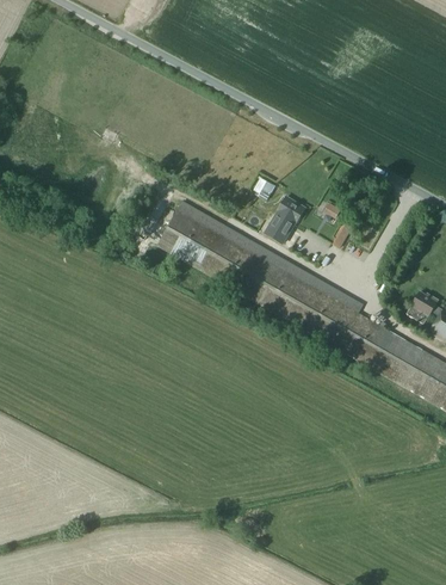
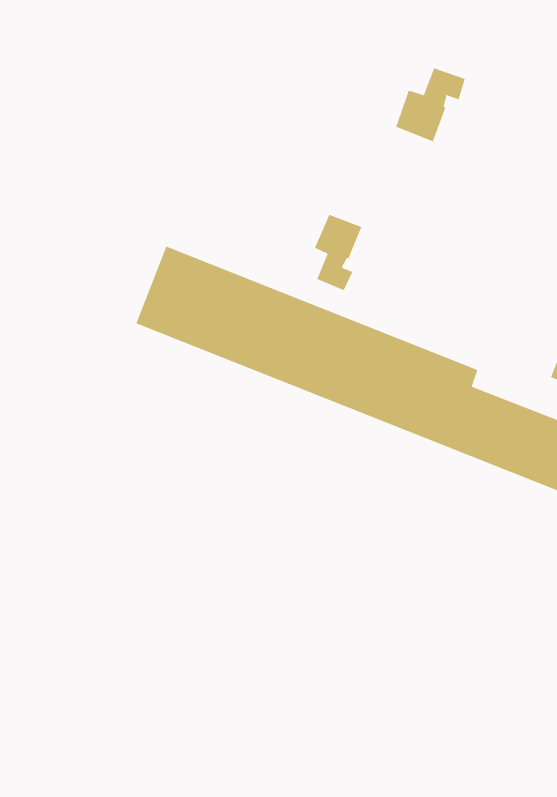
building: none -> [396,67,465,142]

